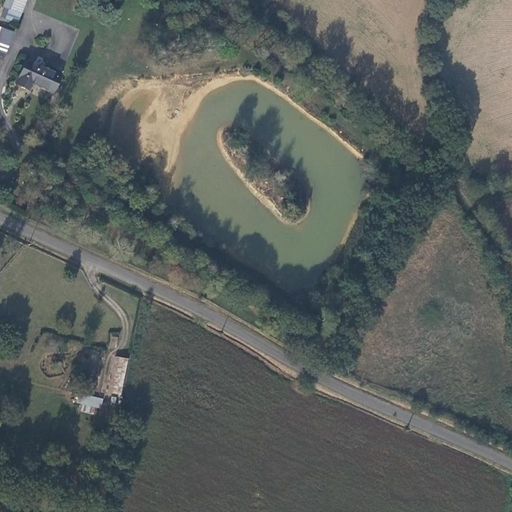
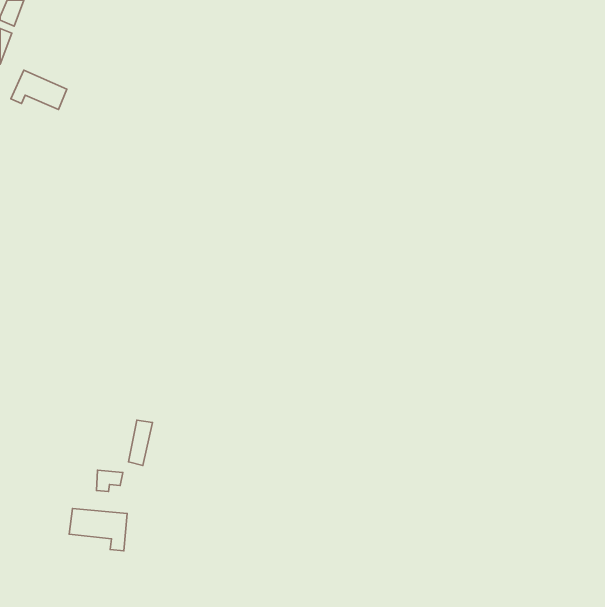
building: none -> [69,508,127,551]

